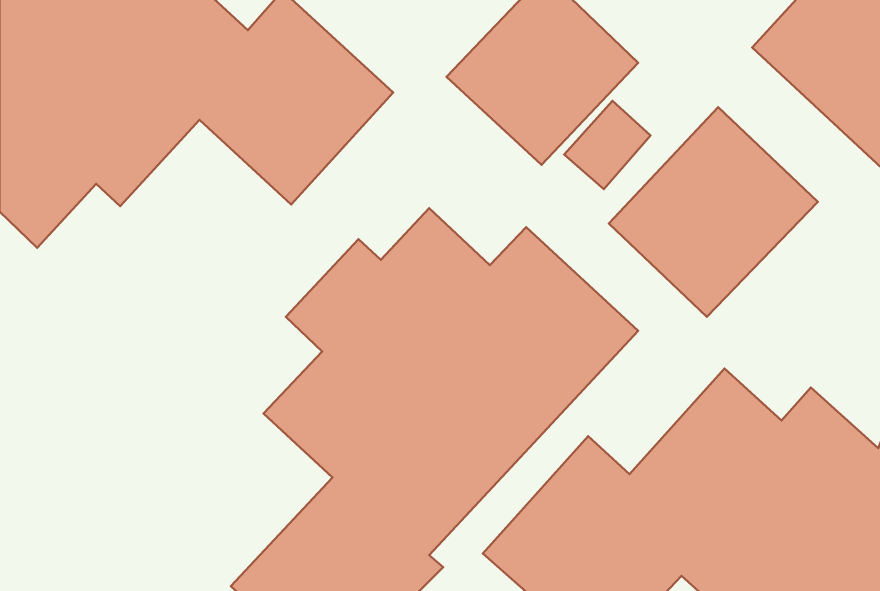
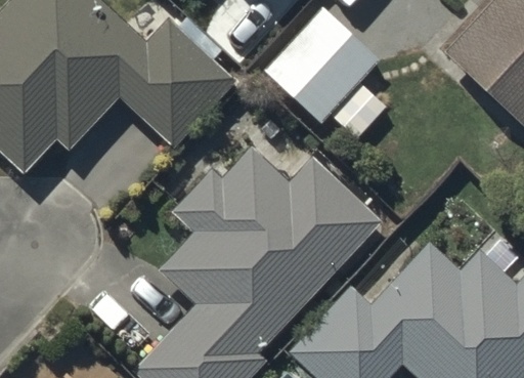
building: [609,107,818,317] -> none

